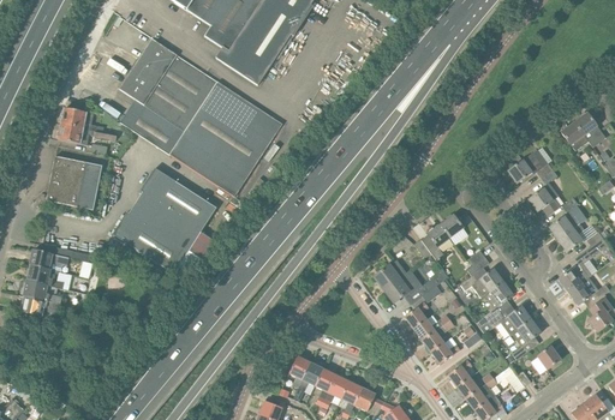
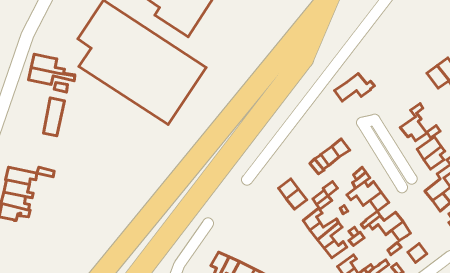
building: [507,149,557,184] -> [335,73,374,101]
building: [46,155,85,206] -> none
building: [113,168,216,274] -> none

